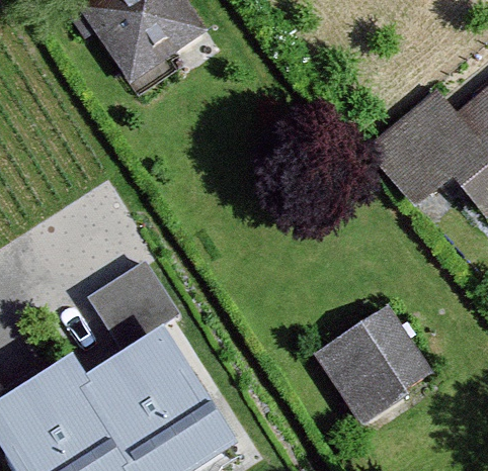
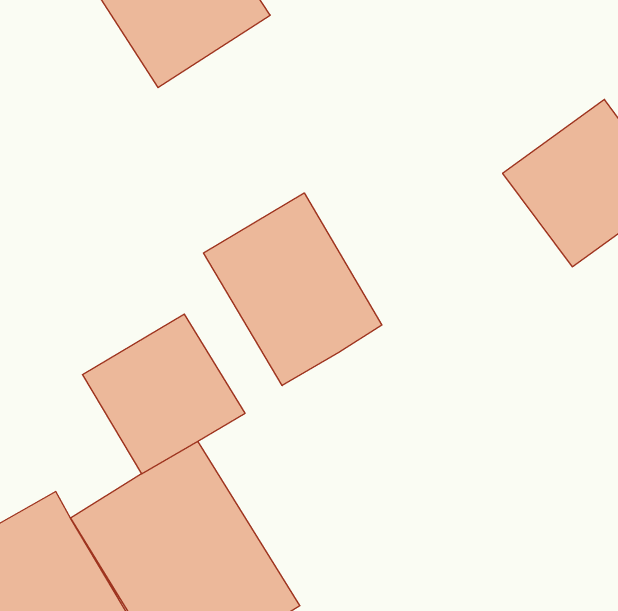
building: none -> [203,193,382,386]
building: [315,307,434,423] -> none

